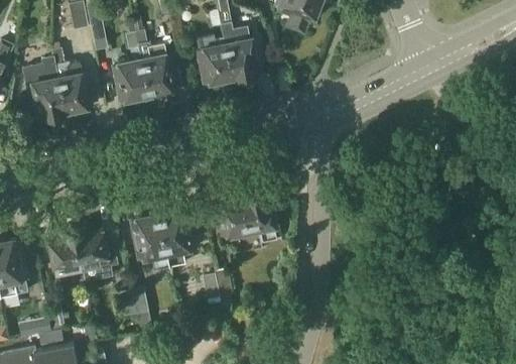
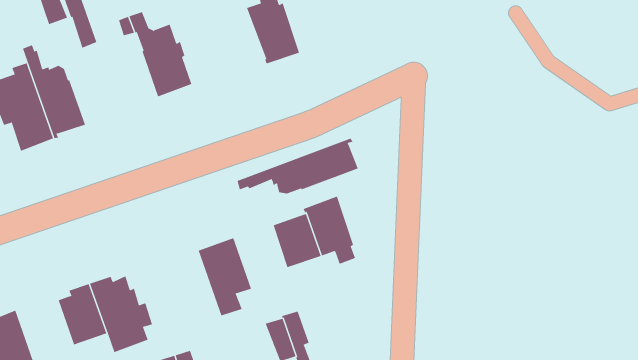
building: [195,38,230,87] -> none
building: [113,63,145,104] -> none
building: none -> [237,138,359,195]
building: [134,218,169,272] -> none

